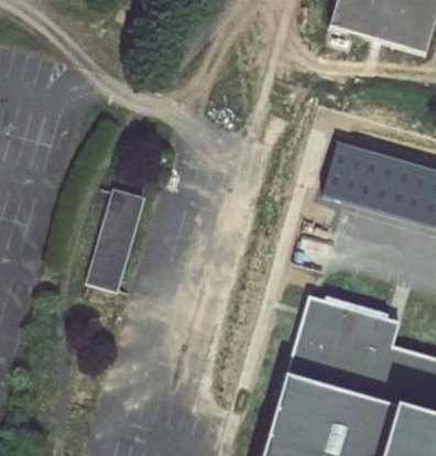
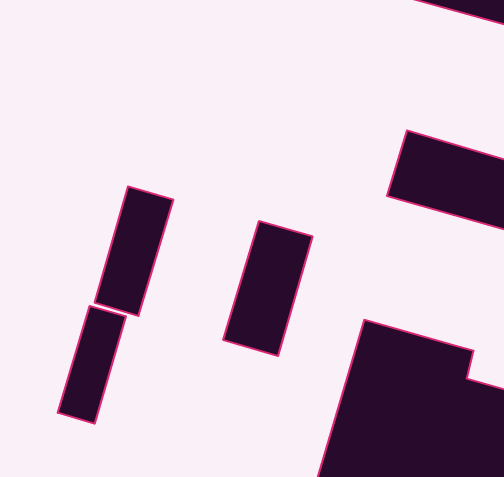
building: none -> [223,221,312,356]
building: none -> [58,306,126,424]

